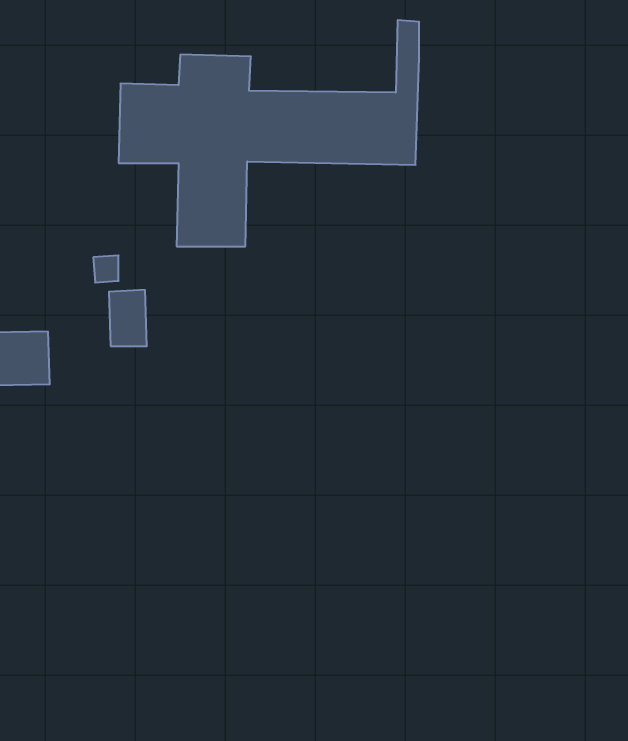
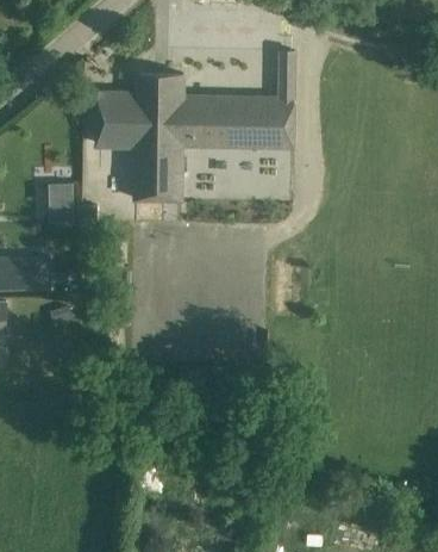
building: [109,290,147,346] -> [51,185,76,222]

